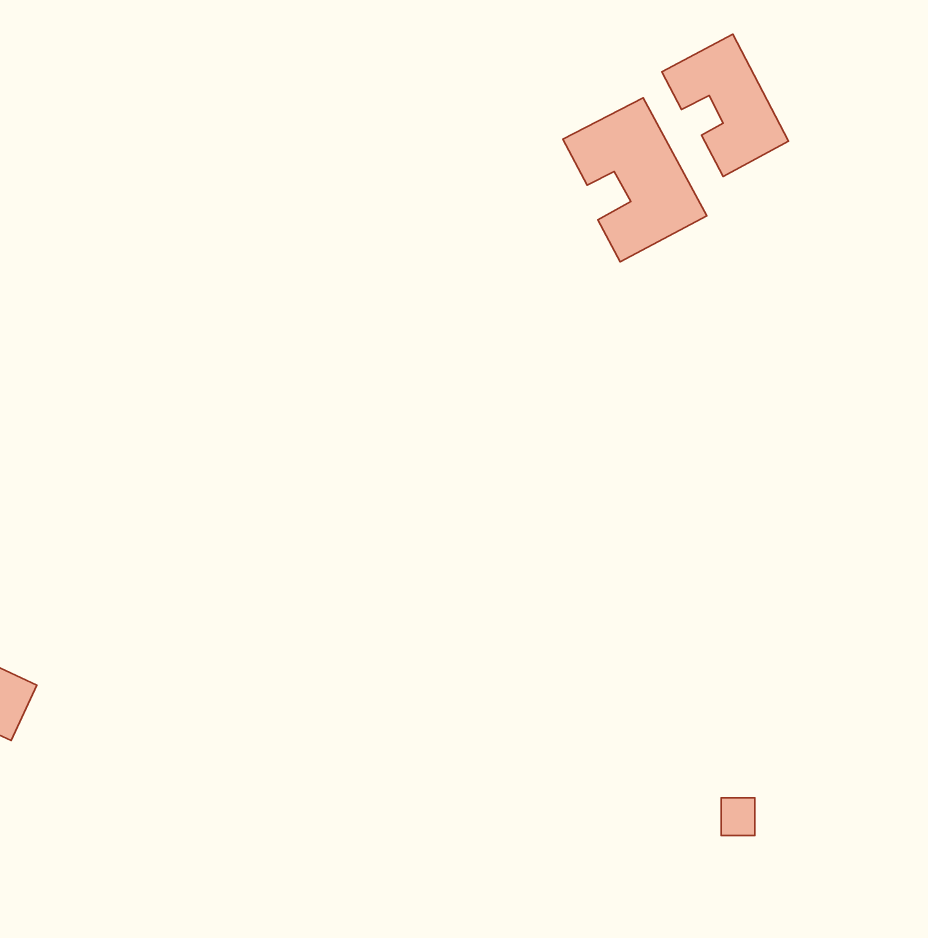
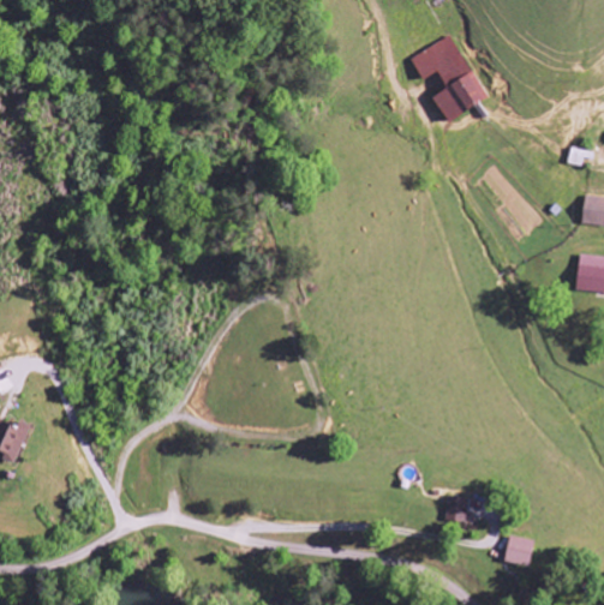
building: [563,98,707,262] -> none
building: none -> [506,537,536,567]

